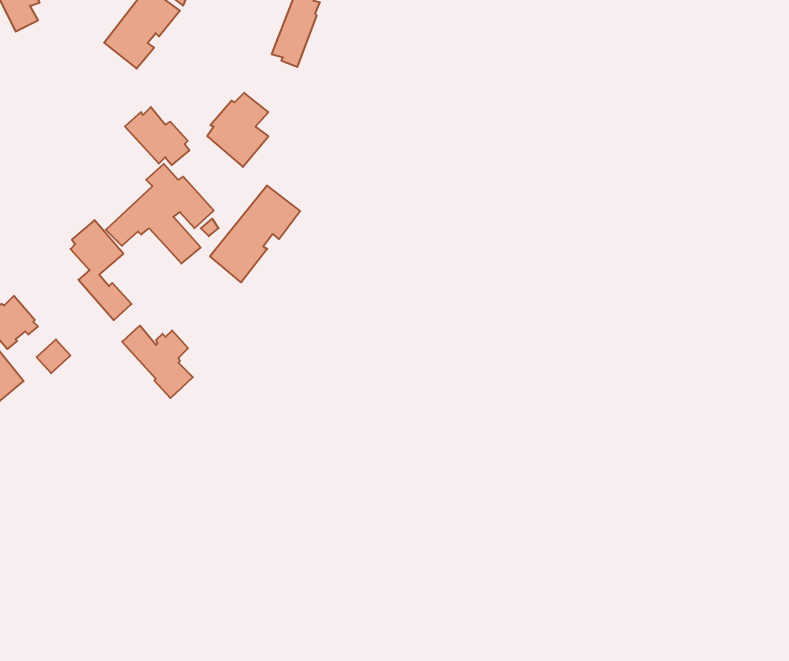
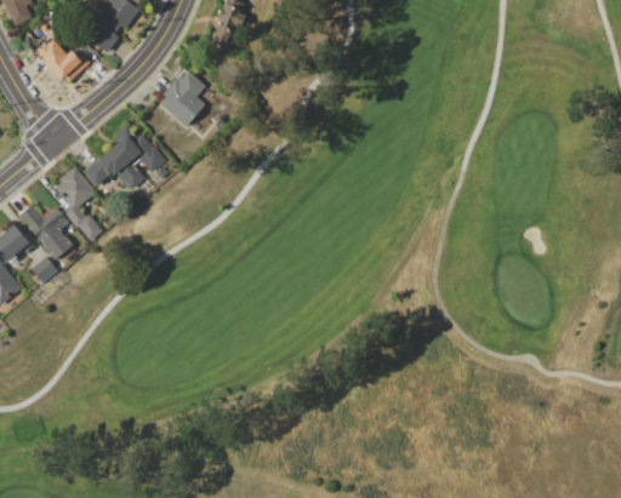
building: [125,107,189,165] -> [33,38,81,81]
building: [210,185,300,282] -> none
building: [122,326,193,398] -> [18,204,72,258]

